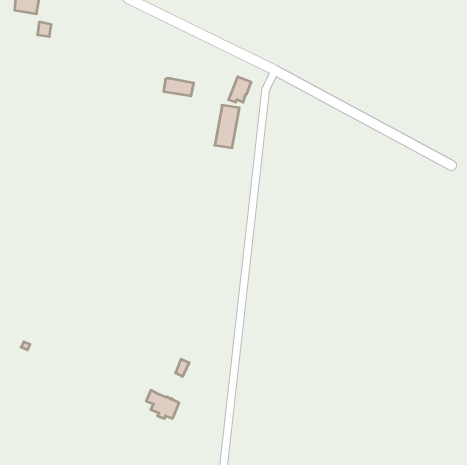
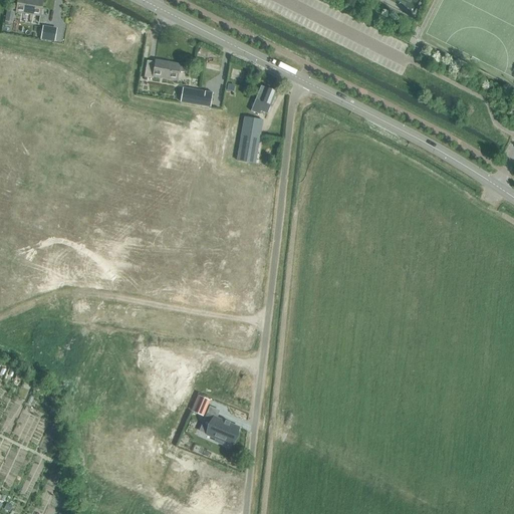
building: none -> [145,58,180,79]
building: [146,390,179,418] -> [202,412,238,443]

